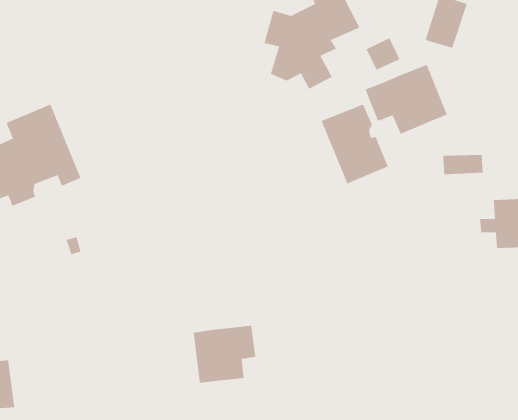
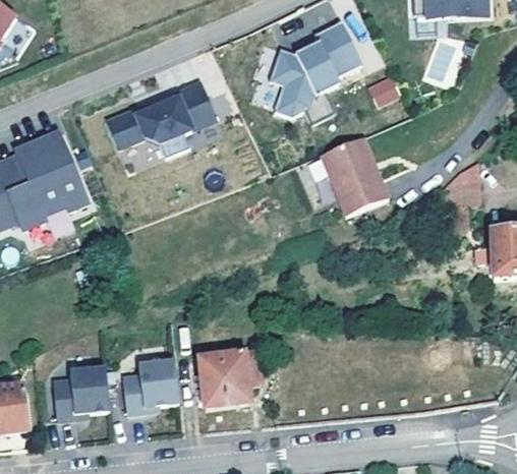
building: none -> [107,82,217,151]
building: [365,64,448,135] -> none
building: none -> [122,360,179,414]
building: none -> [54,367,110,418]

